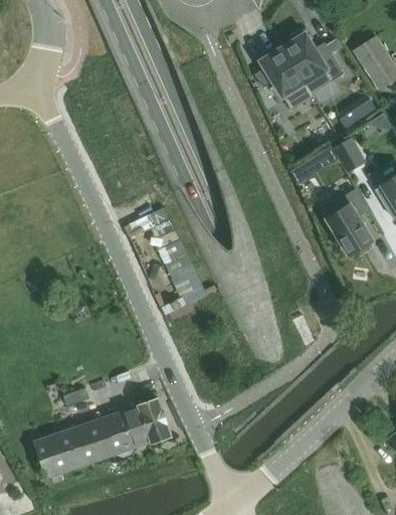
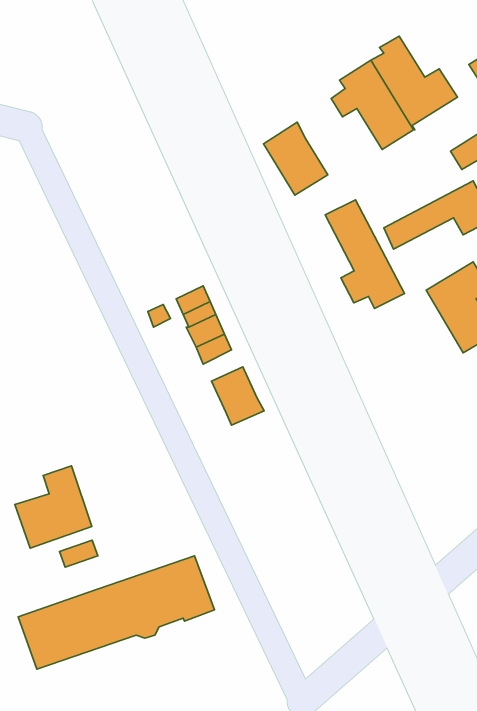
building: none -> [263,122,328,195]
building: none -> [325,200,405,309]
building: none -> [15,466,92,548]

